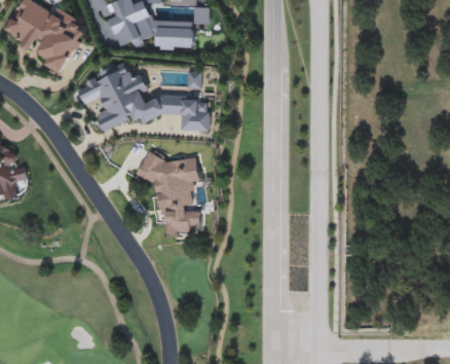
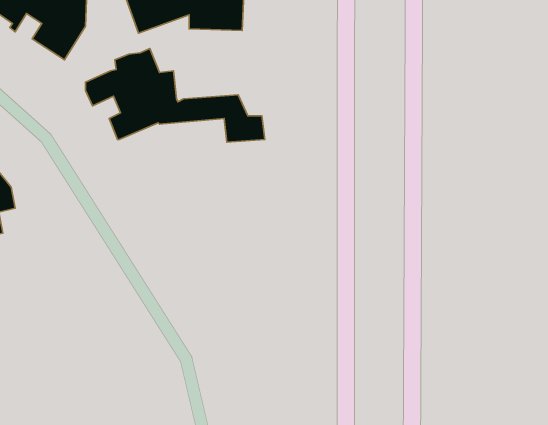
building: [129,144,203,239] -> none

